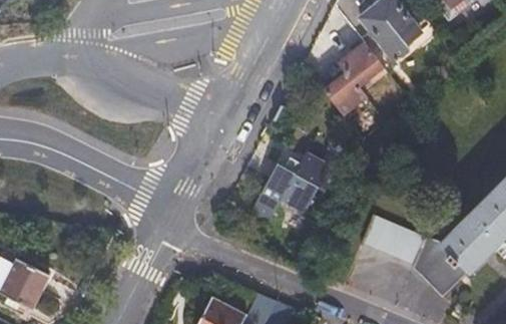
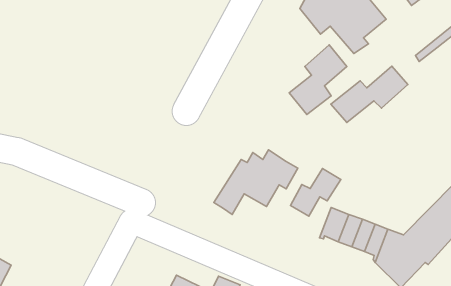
building: none -> [331,66,408,123]
building: none -> [291,169,341,216]

